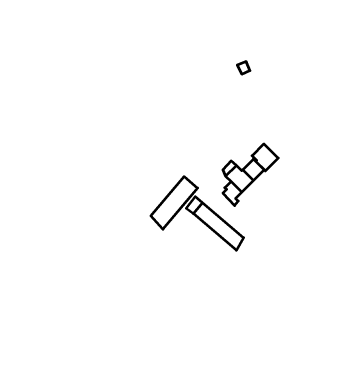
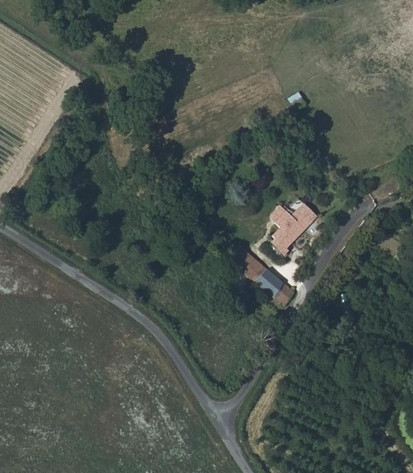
building: [252,144,278,171] -> none
building: [151,177,198,229] -> none

